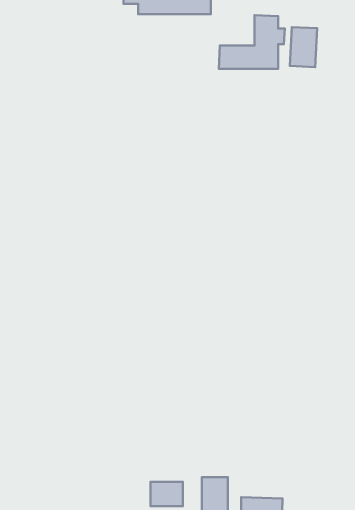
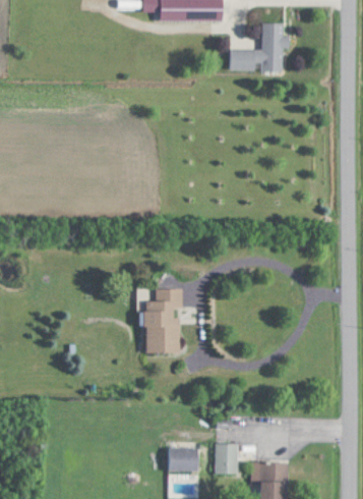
building: [290,27,317,67] -> none
building: none -> [145,288,181,352]

